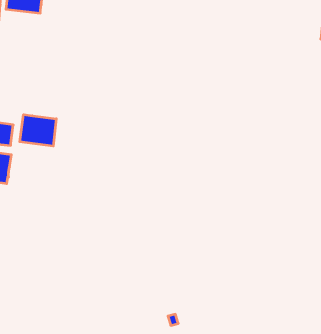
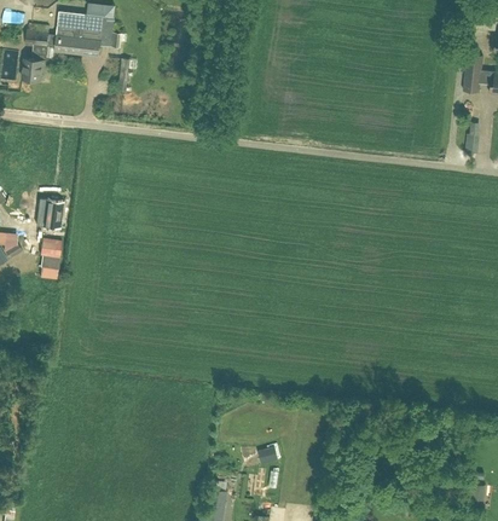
building: [20,115,56,146] -> none

